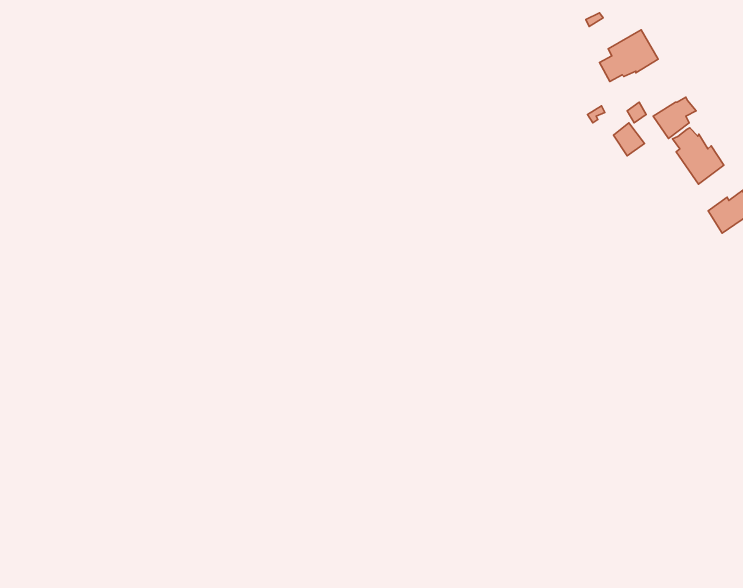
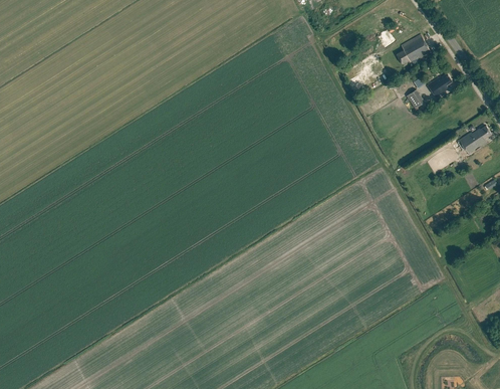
building: [673,128,724,184] -> none

